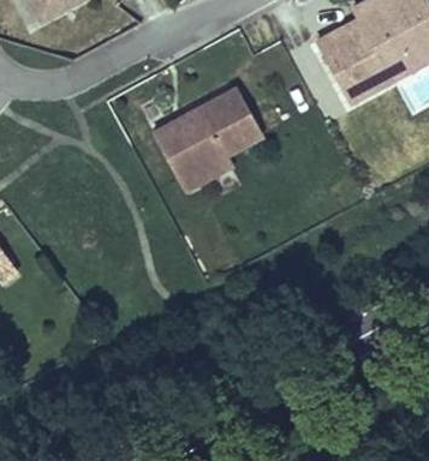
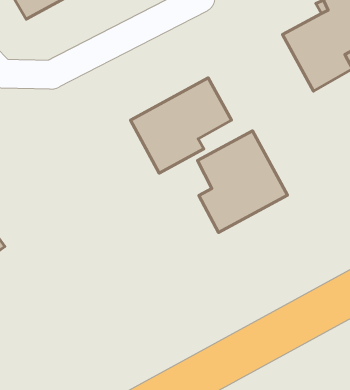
building: none -> [198,131,288,233]

